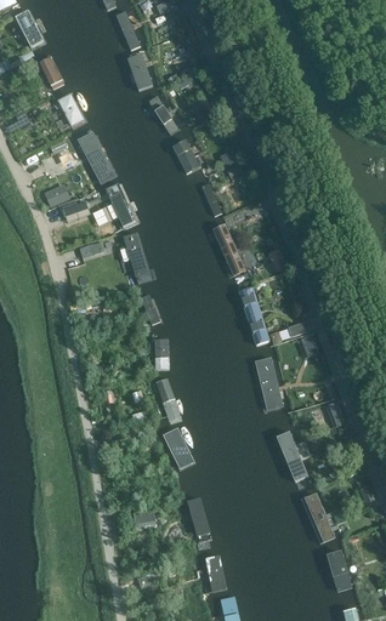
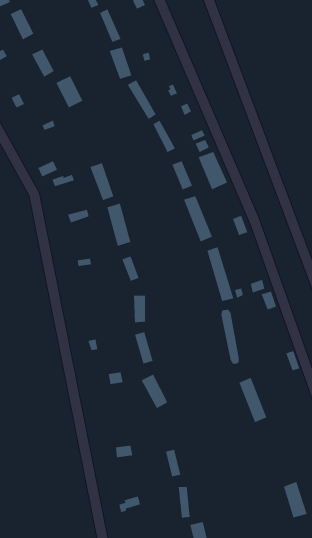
building: [74,130,118,188] -> none
building: none -> [198,151,228,190]
building: [301,494,336,546] -> none

